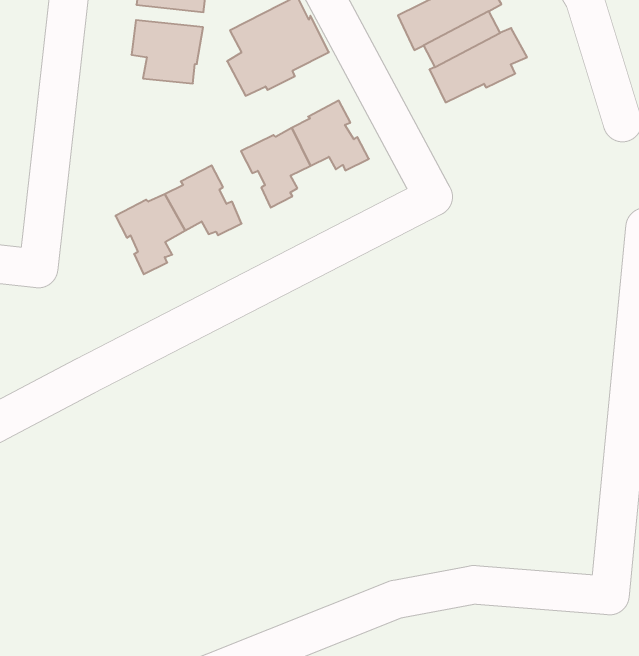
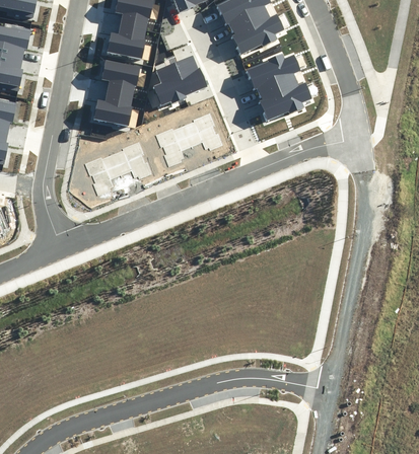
building: none -> [92,91,132,126]

